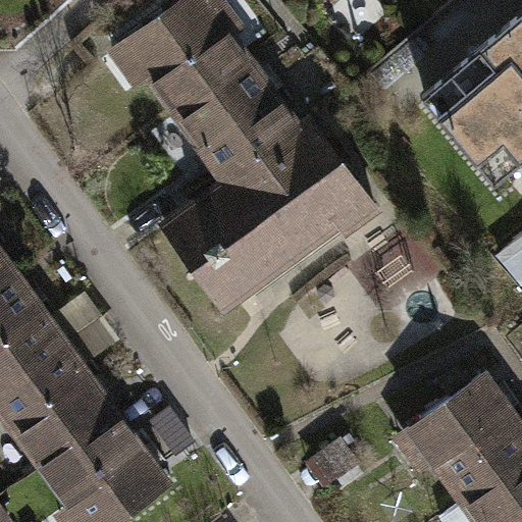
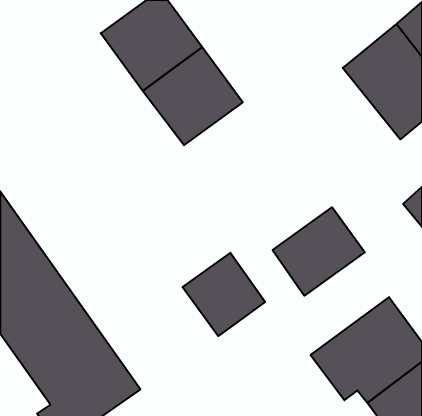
building: [167,125,365,311] -> none
building: none -> [273,207,365,296]
building: none -> [183,253,265,336]

